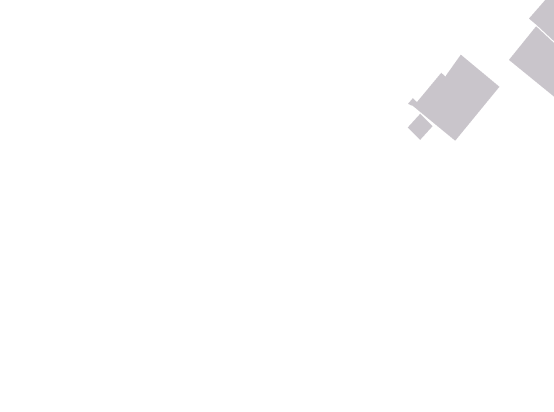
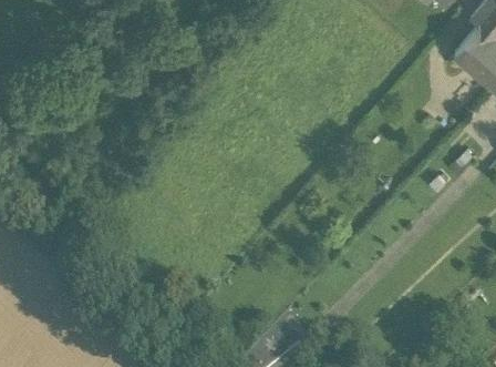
building: [407,54,500,142] -> none

